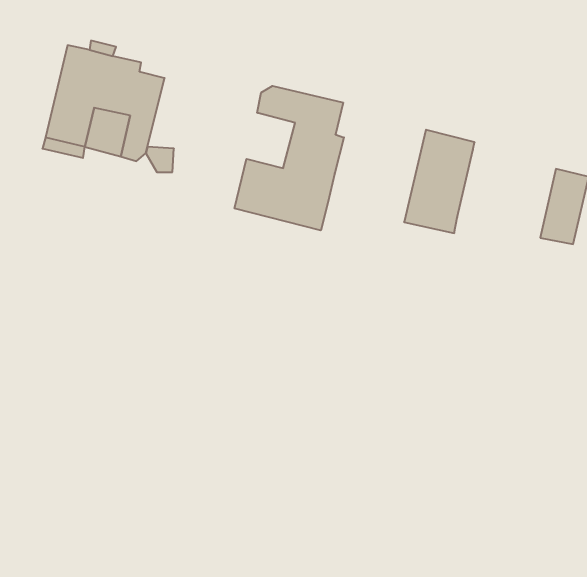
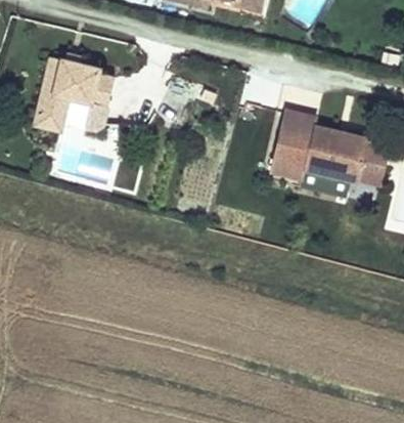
building: [235,86,344,230] -> none
building: none -> [305,124,369,181]

